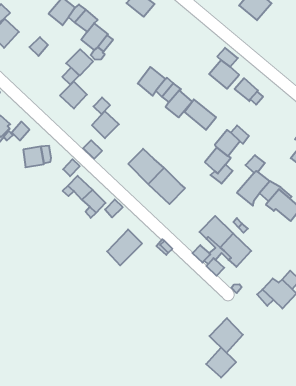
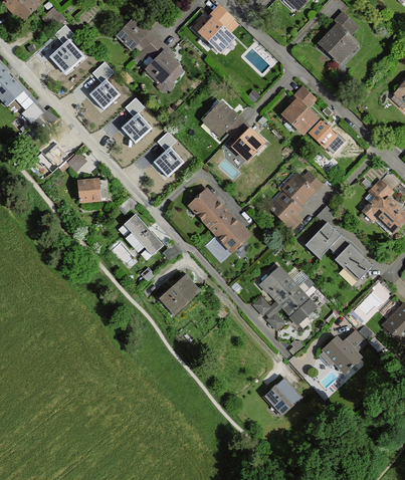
building: [66,49,93,75] -> [89,79,119,107]
building: [185,99,216,130] -> none
building: [206,348,236,378] -> none

